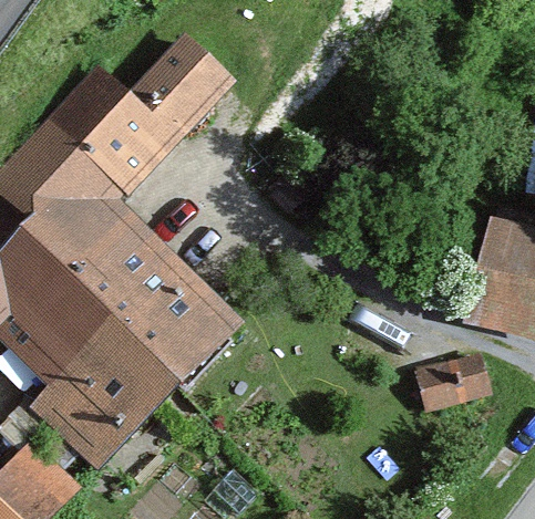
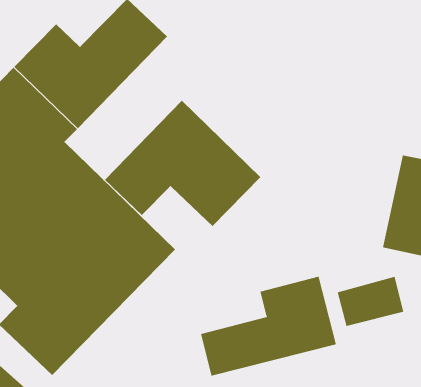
building: none -> [104,100,261,227]
building: none -> [201,276,336,377]

